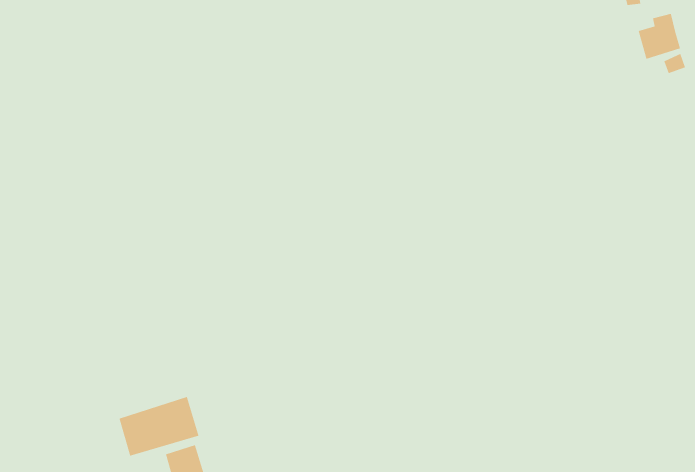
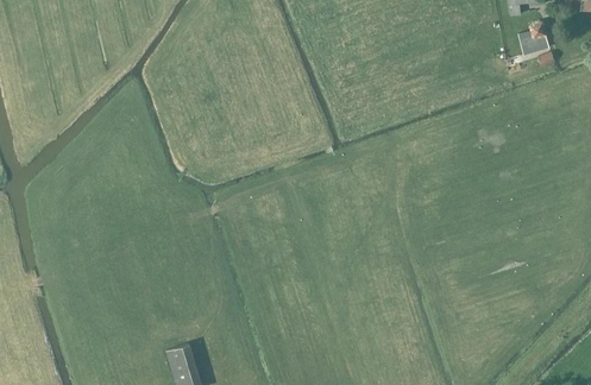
building: [119,396,199,457] -> none

